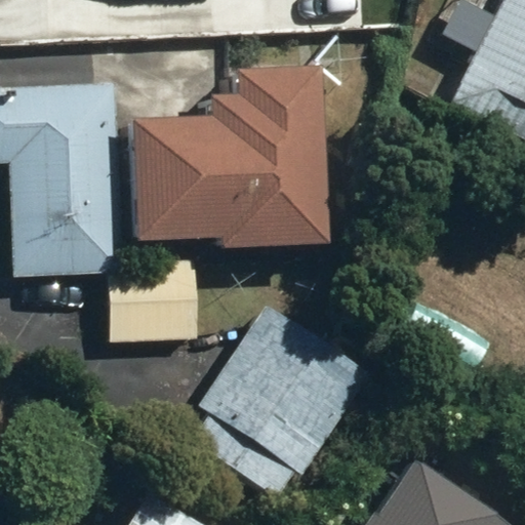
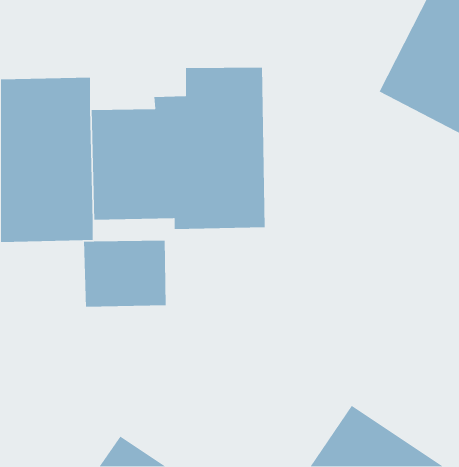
building: [192,304,371,499] -> none

